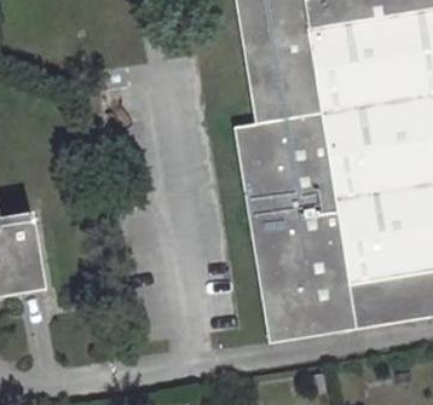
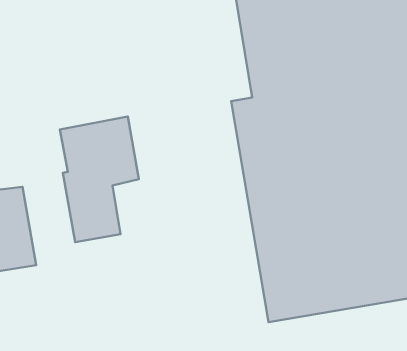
building: none -> [60,117,139,242]

